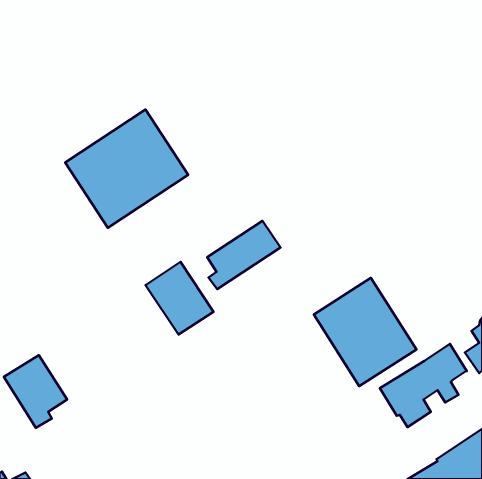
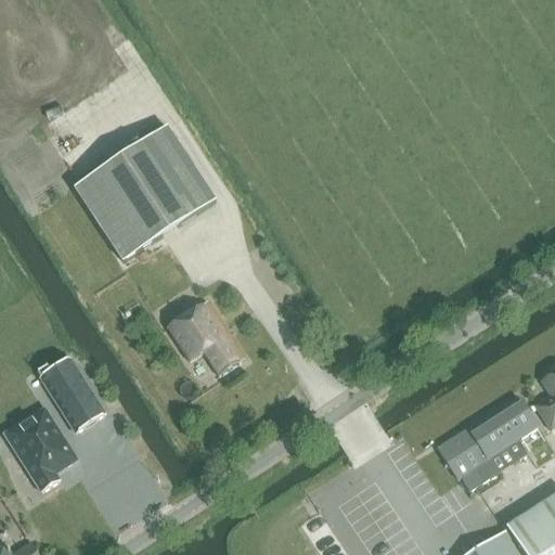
building: [207,221,280,289] -> none
building: [314,278,416,386] -> none
building: none -> [40,359,105,431]

